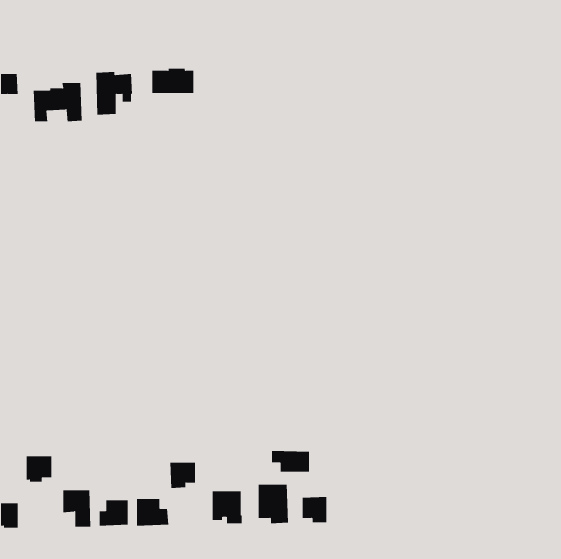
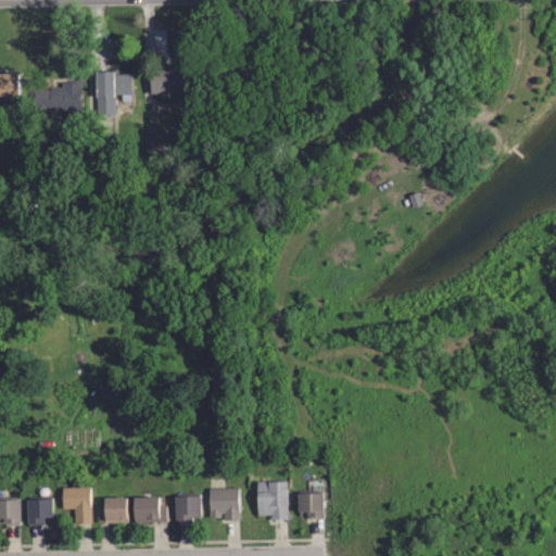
building: [272,450,310,472] -> none
building: [26,456,52,482] -> [26,498,52,525]
building: [170,462,196,489] -> [174,496,200,522]

